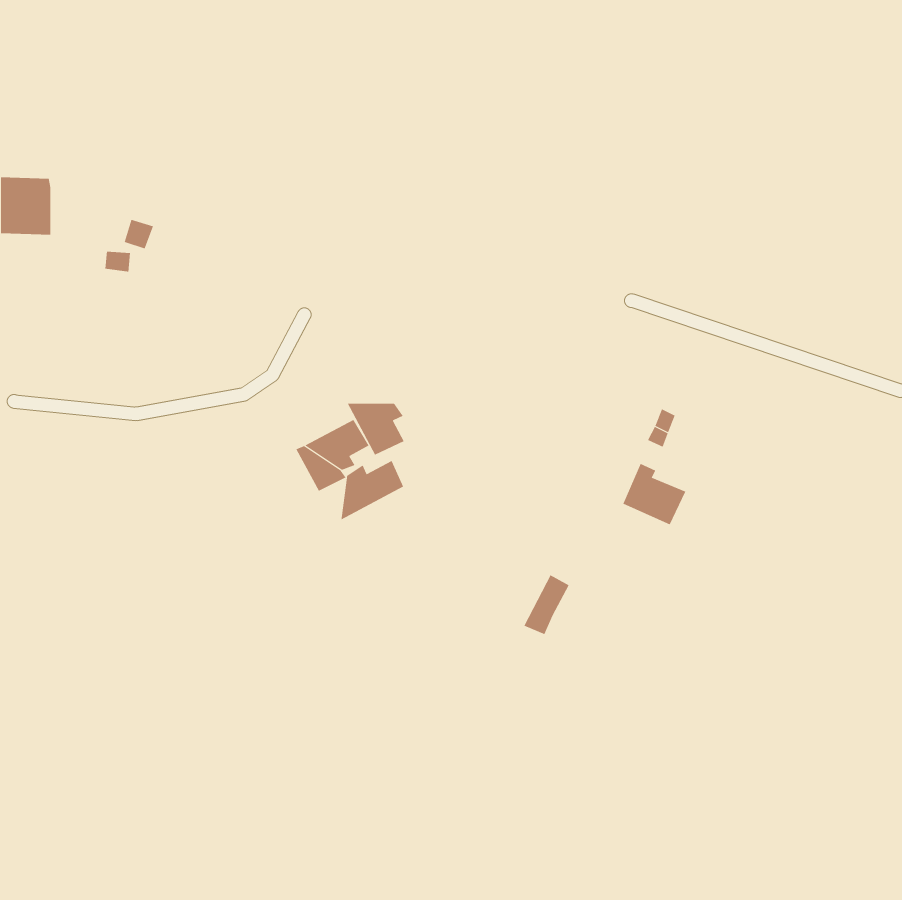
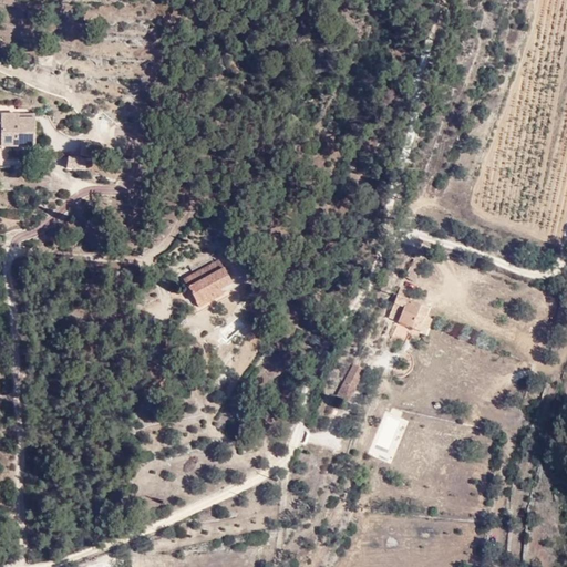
building: [347,403,405,456] -> none
building: [341,460,404,521] -> none

